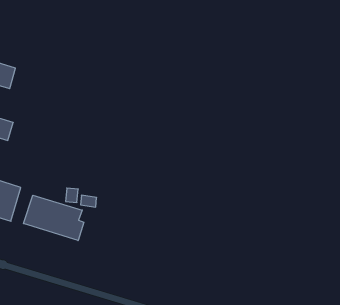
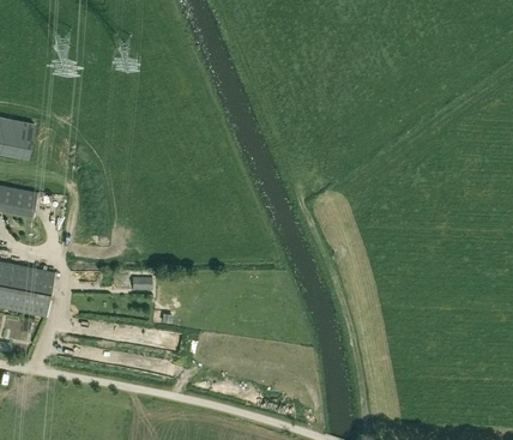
building: [24,195,84,241] -> none

